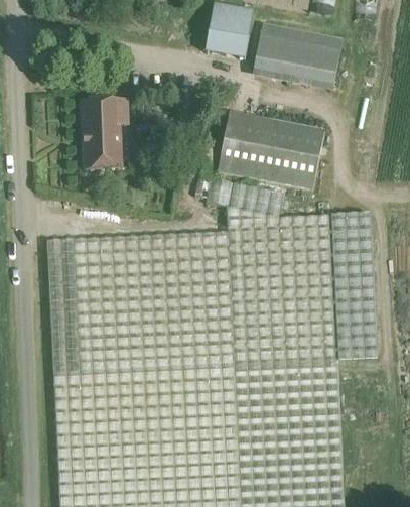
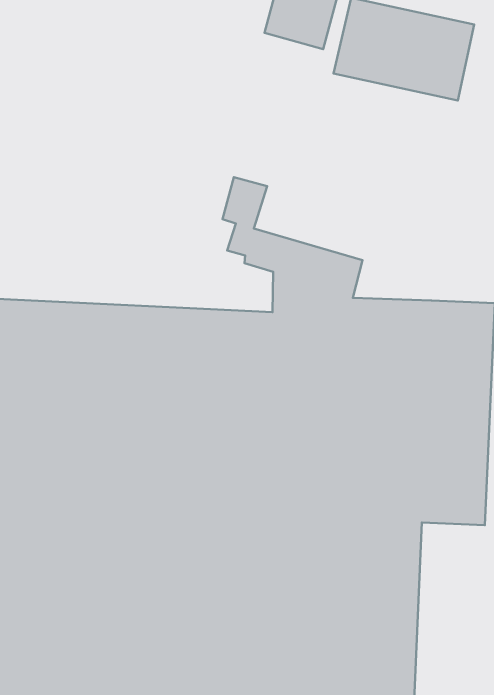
building: [82,101,127,170] -> none
building: [218,112,325,193] -> none

